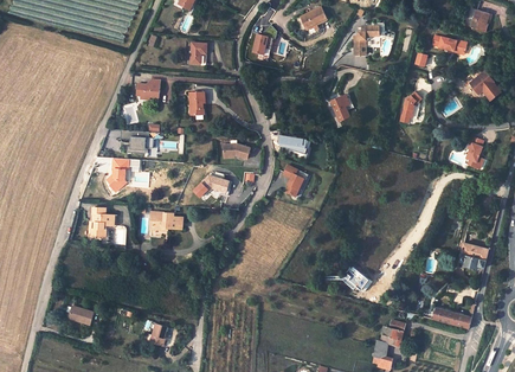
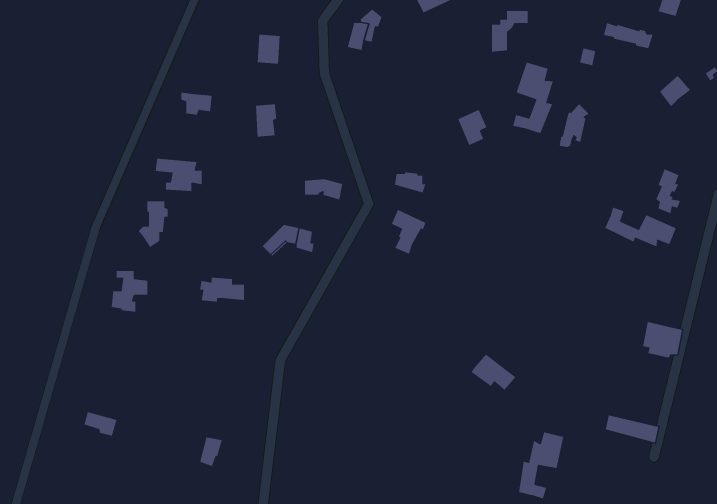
building: none -> [512,61,554,134]
building: none -> [604,206,677,247]

